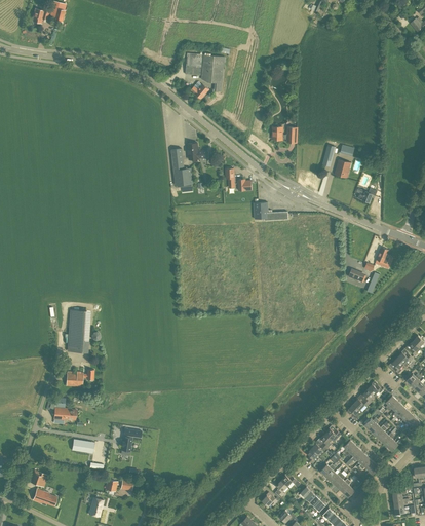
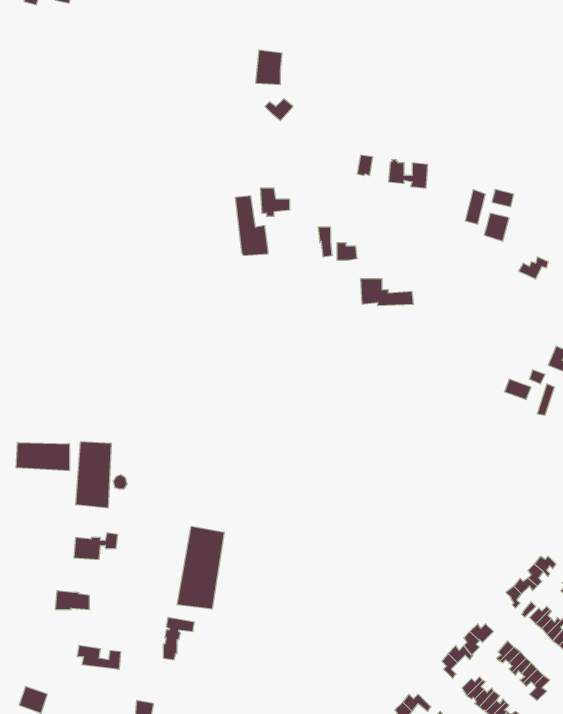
building: [200,54,224,91] -> none
building: none -> [16,442,70,471]
building: none -> [177,526,224,609]

